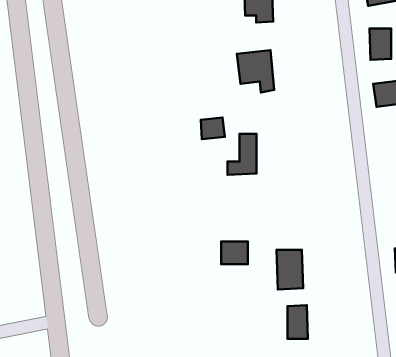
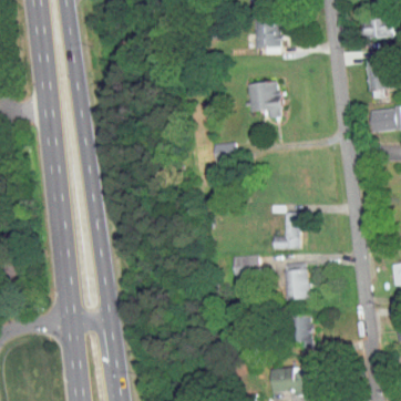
building: [228,134,257,175] -> [271,212,298,249]

